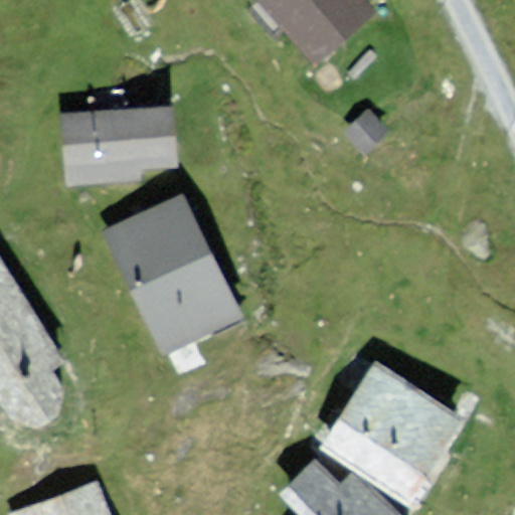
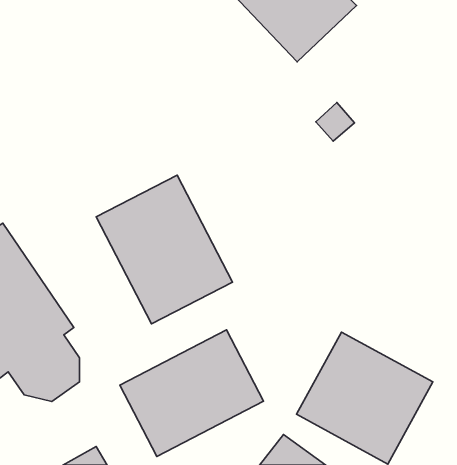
building: [58,108,186,184] -> none
building: none -> [120,330,263,457]

